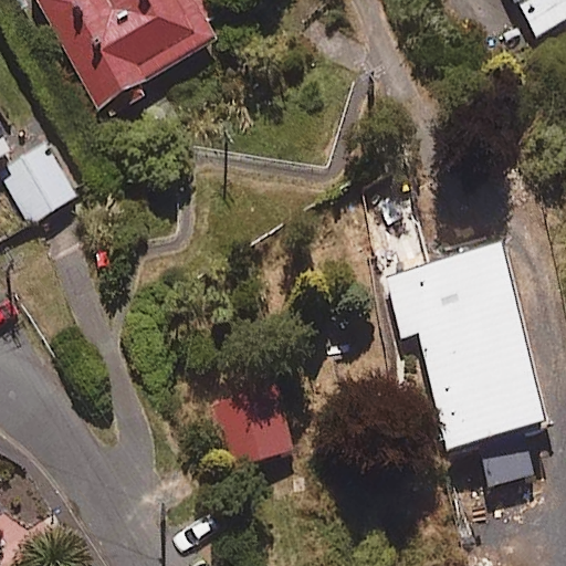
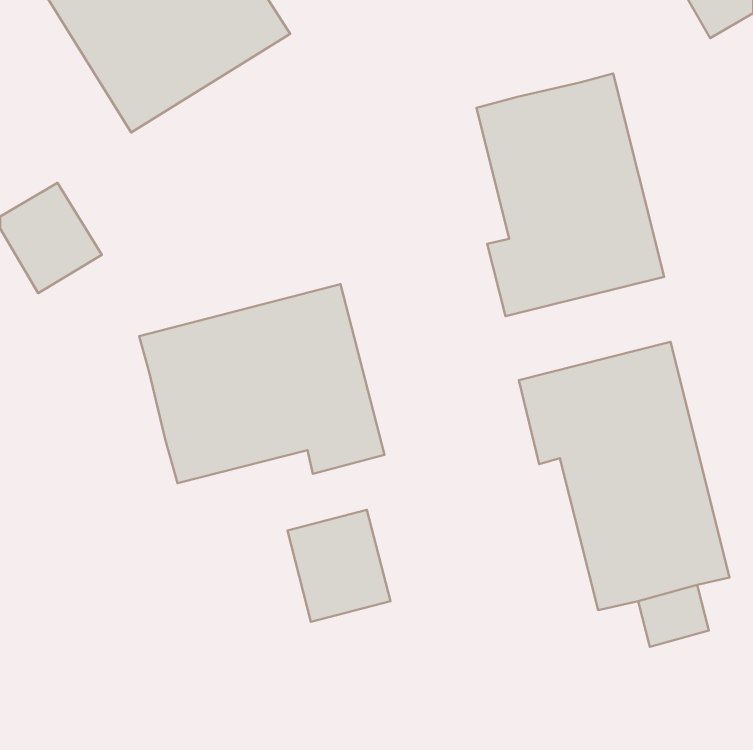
building: none -> [477,74,664,316]
building: none -> [139,284,384,483]

